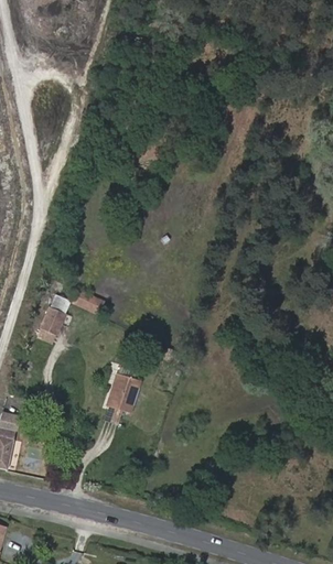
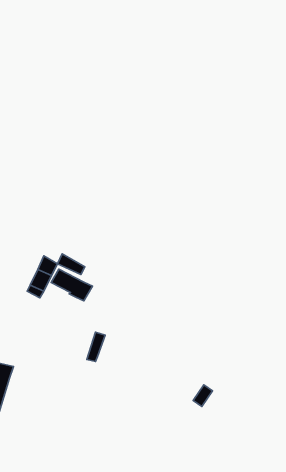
building: none -> [51,269,93,301]
building: [115,373,139,410] -> none

